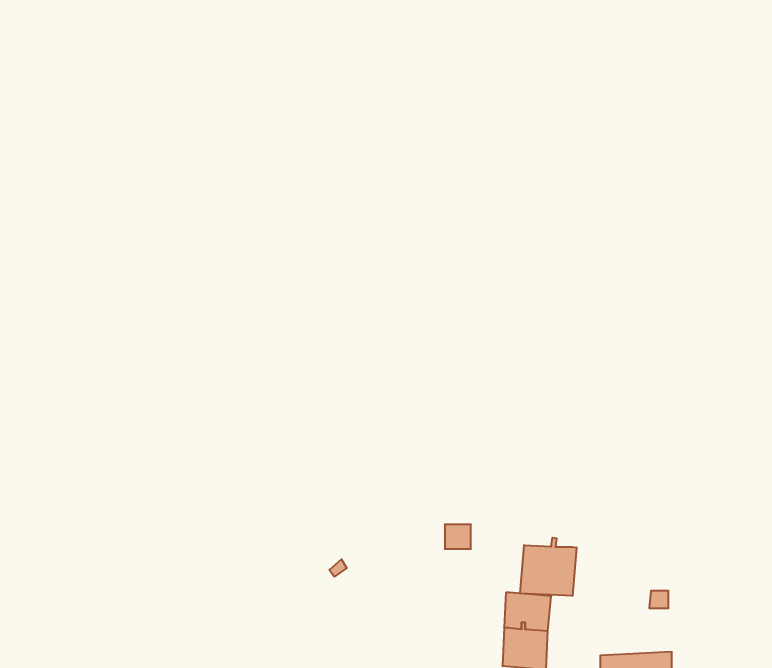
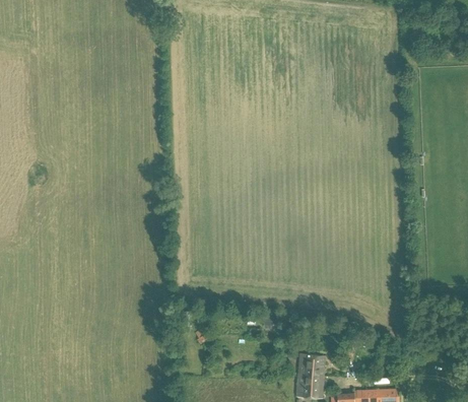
building: [520,538,576,596] -> none

